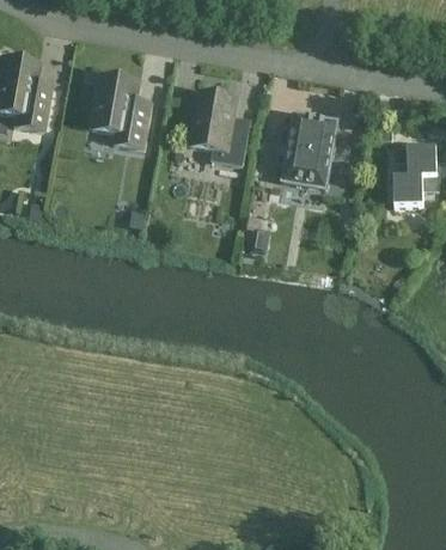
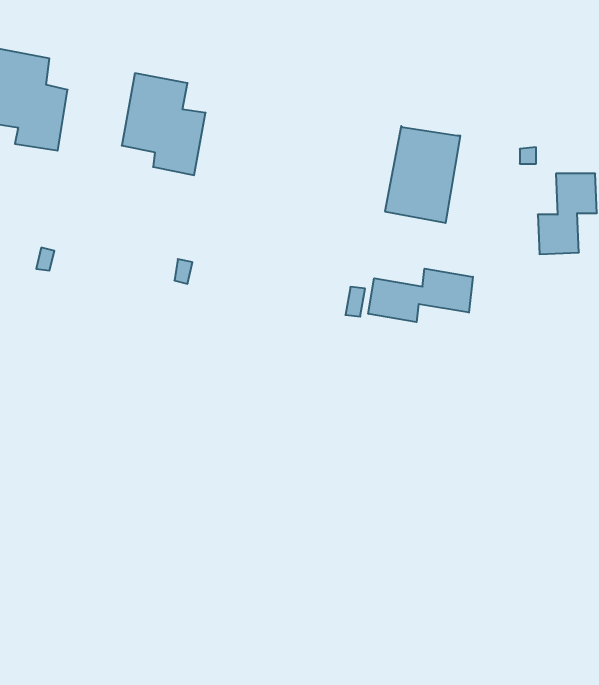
building: [189,92,249,166] -> none
building: none -> [368,269,473,322]

